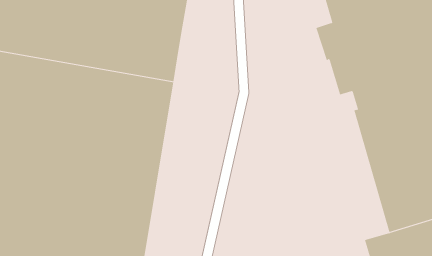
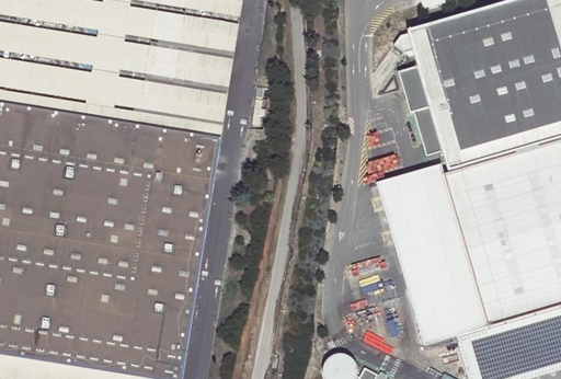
building: none -> [375,163,484,338]

